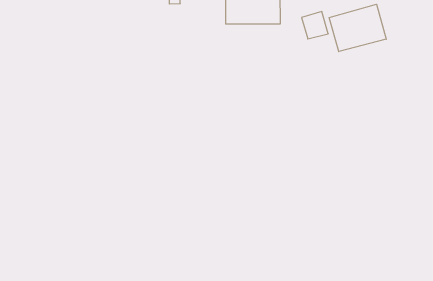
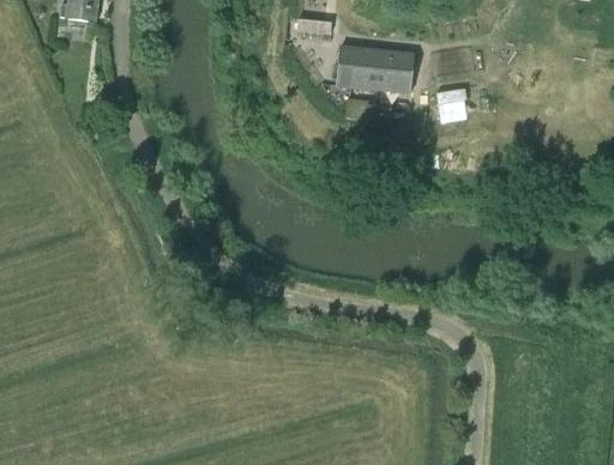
building: [329,4,386,52] -> none

